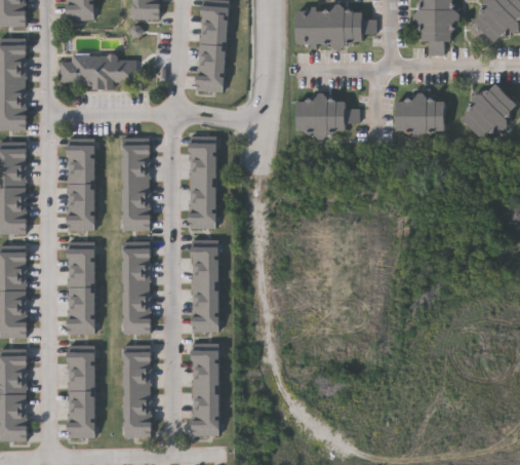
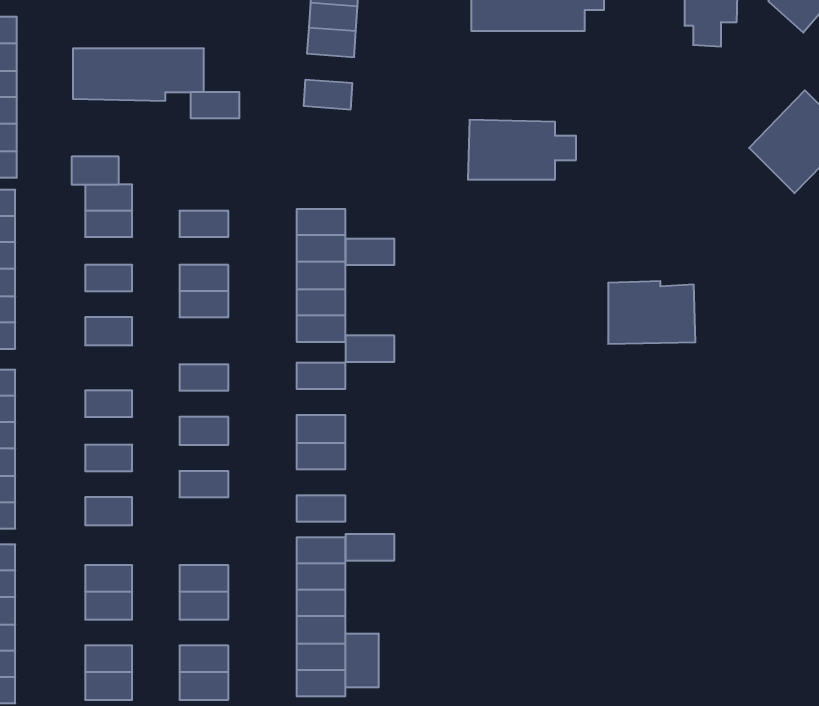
building: [197,60,226,77] -> none
building: [393,98,444,134] -> [608,281,695,344]
building: [192,135,221,151] -> [345,239,394,265]
building: [123,137,152,152] -> [191,92,239,118]
building: [68,167,95,184] -> [72,157,119,185]
building: [123,167,152,184] -> none
building: [68,199,95,215] -> none
building: [123,215,152,231] -> none
building: [68,242,95,258] -> none
building: [192,257,221,272] -> [345,336,394,362]
building: [123,258,152,273] -> none
building: [68,273,95,289] -> none
building: [123,289,152,305] -> none
building: [192,304,221,319] -> [345,534,394,560]
building: [68,305,95,320] -> none
building: [123,320,152,337] -> none
building: [68,345,95,360] -> none
building: [123,345,152,360] -> none
building: [68,392,95,408] -> none
building: [123,392,152,408] -> none
building: none -> [345,633,379,687]

